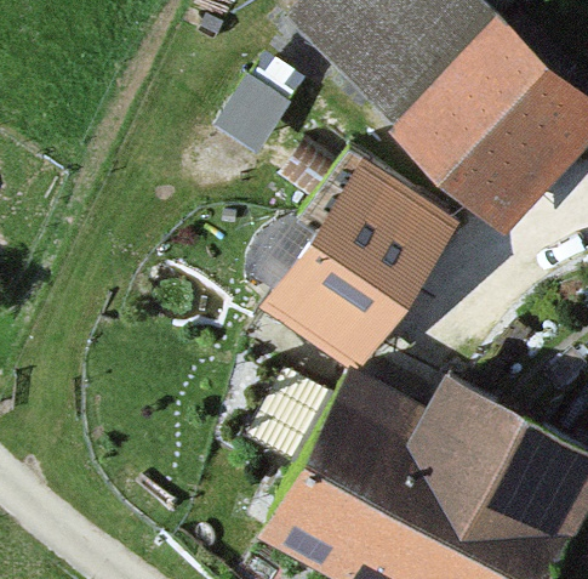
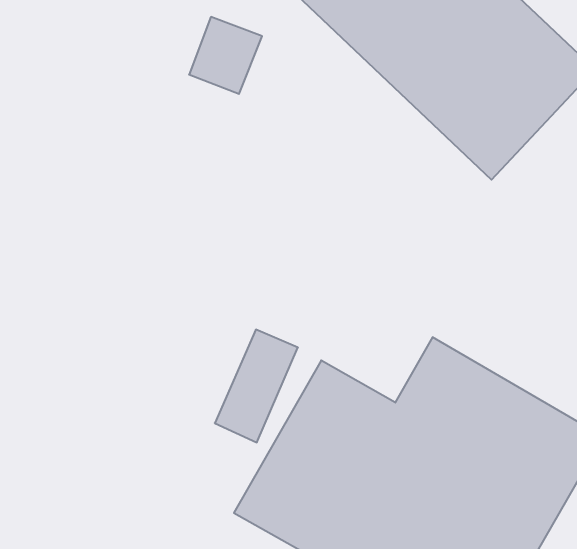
building: [278,153,461,364] -> none

